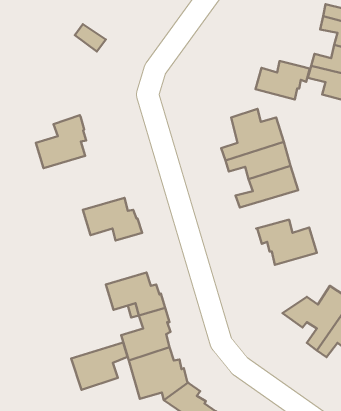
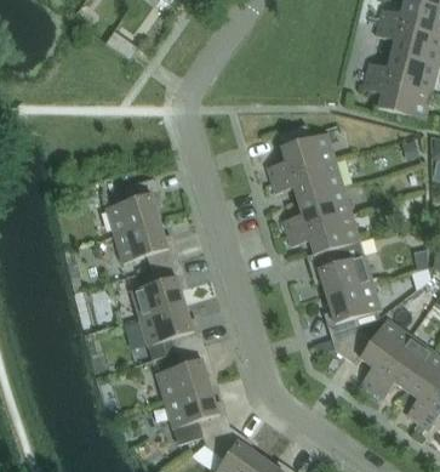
building: [256,61,310,100] -> none
building: [36,115,86,168] -> [105,177,161,235]
building: none -> [287,214,360,254]
building: none -> [131,261,185,318]
building: none -> [326,283,381,349]
building: [71,342,128,390] -> none

